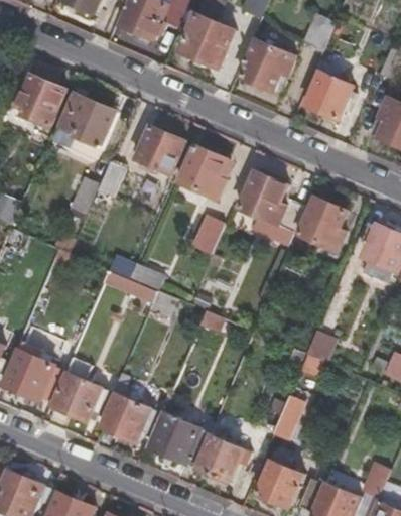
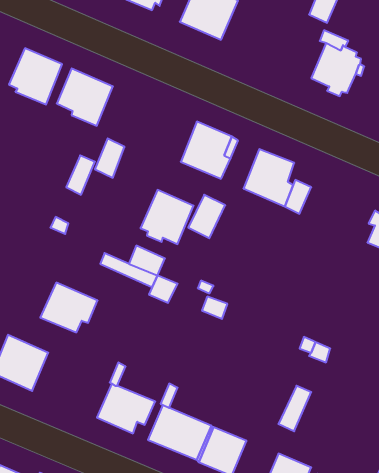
building: [239,38,293,90] -> none
building: [134,126,184,177] -> [140,190,194,244]
building: [299,191,348,251] -> none
building: [52,373,107,420] -> [40,283,98,332]

